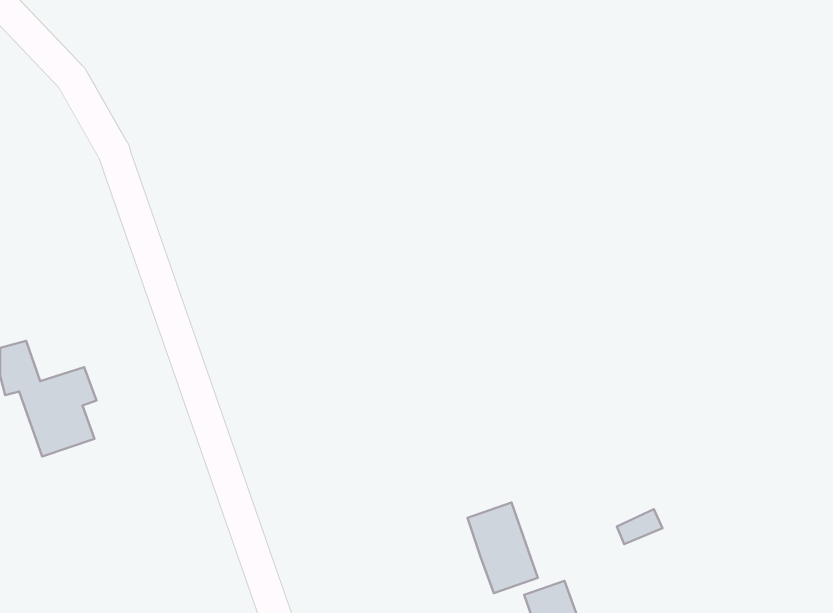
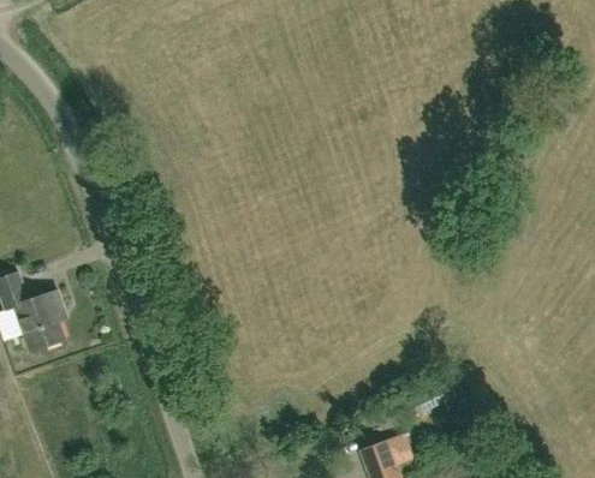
building: [468,502,538,593] -> none

